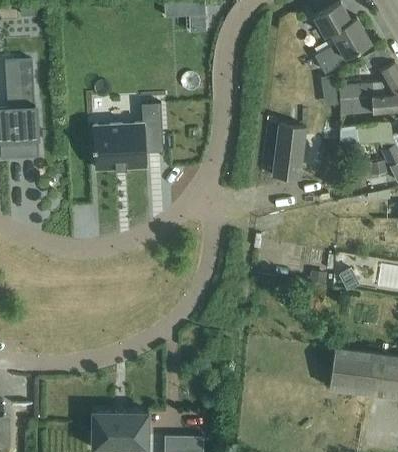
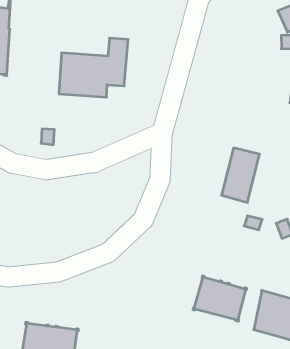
building: [272,124,306,179] -> [222,148,260,202]
building: none -> [193,276,247,321]

